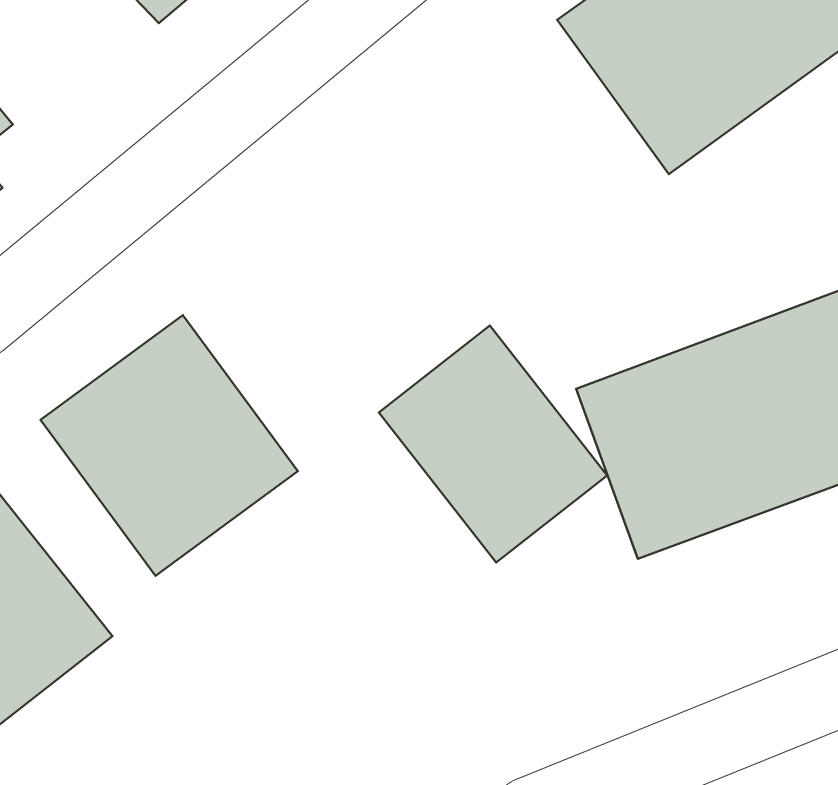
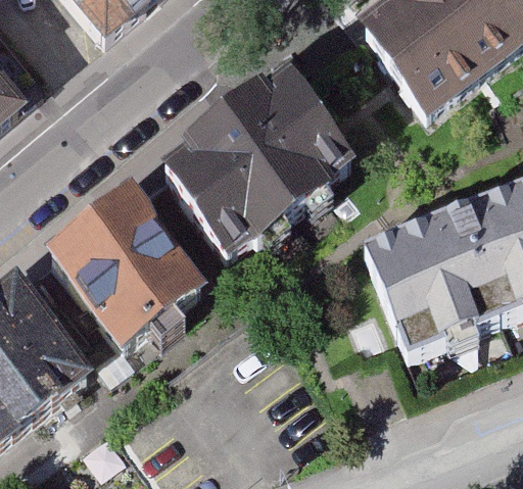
building: none -> [162,85,348,262]
building: [379,326,607,562] -> none

